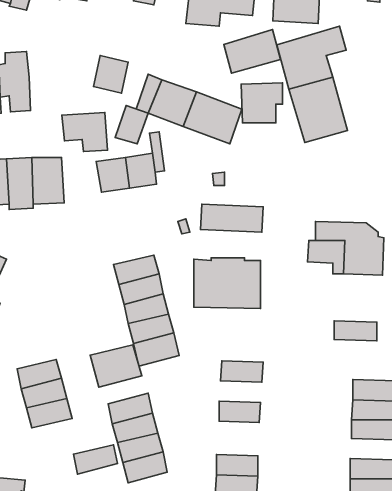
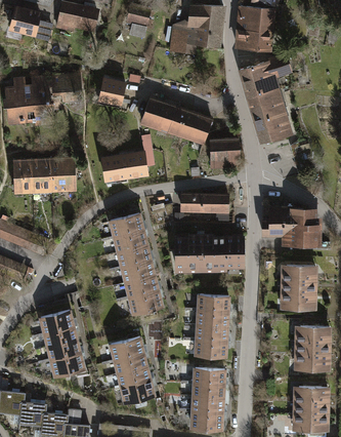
building: [224,29,281,73] -> none
building: [241,83,283,123] -> [208,136,240,167]
building: [115,106,148,144] -> none
building: [62,113,107,151] -> [47,72,82,102]
building: none -> [110,211,144,237]
building: none -> [226,234,243,268]
building: none -> [283,265,316,281]
building: none -> [197,294,228,312]
building: none -> [282,294,315,311]
building: [90,345,142,387] -> none
building: none -> [195,326,227,343]
building: none -> [193,366,225,384]
building: [73,445,118,474] -> [51,355,85,378]

